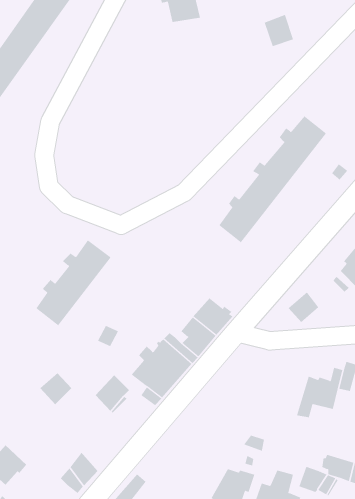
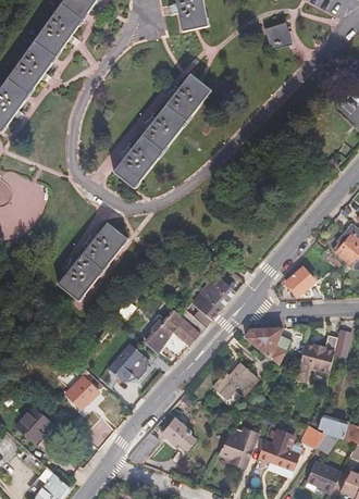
building: [218,116,327,243] -> [113,71,211,186]
building: none -> [244,327,293,364]
building: [40,373,72,405] -> [71,376,100,406]
building: none -> [213,362,258,398]
building: none -> [162,420,196,450]

